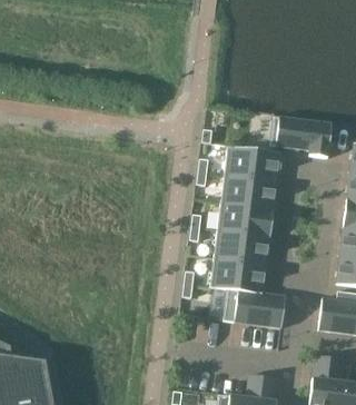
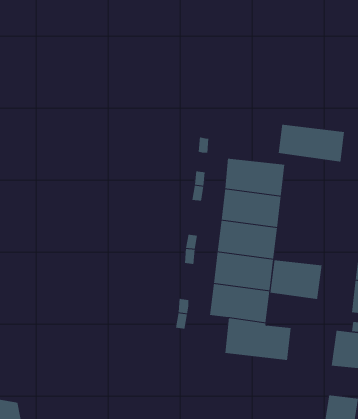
building: none -> [270,260,322,300]

